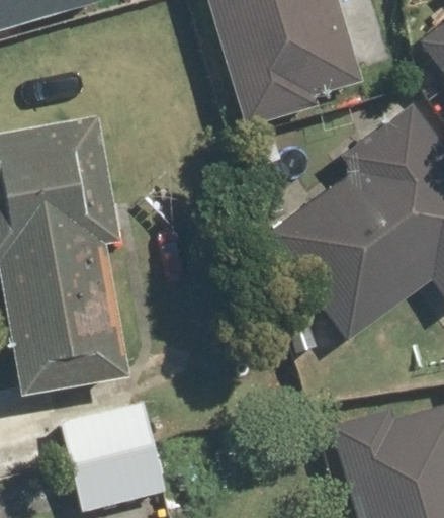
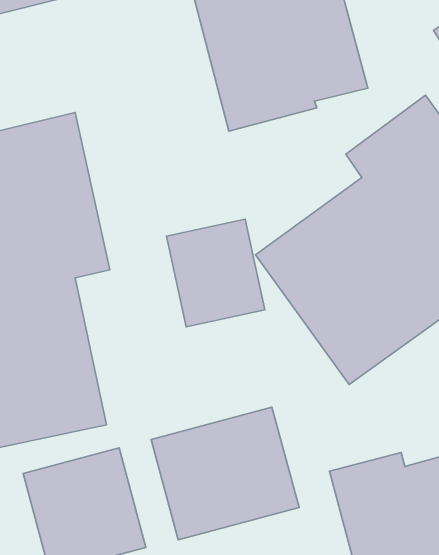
building: none -> [167,219,265,327]
building: none -> [151,407,299,540]

